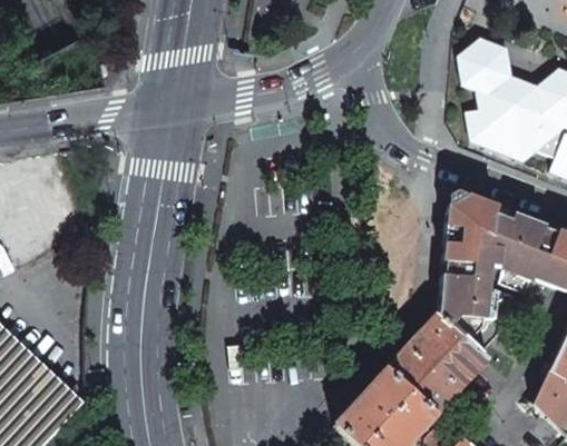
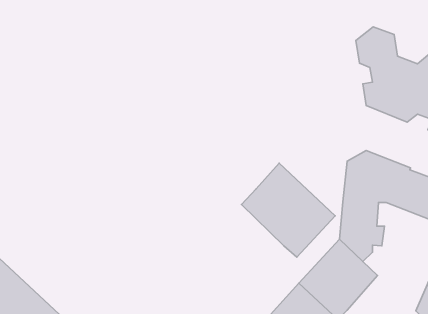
building: none -> [242,163,335,257]

